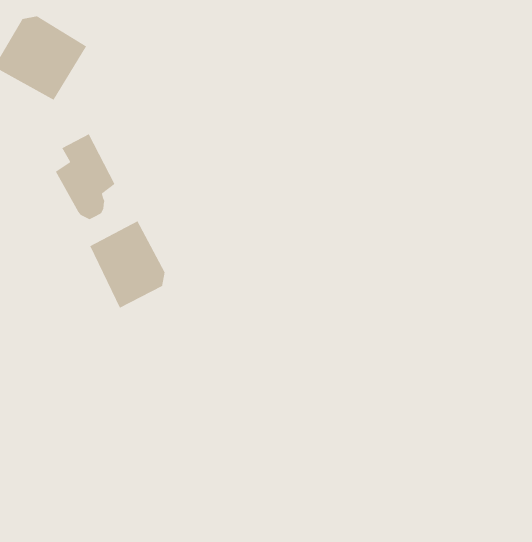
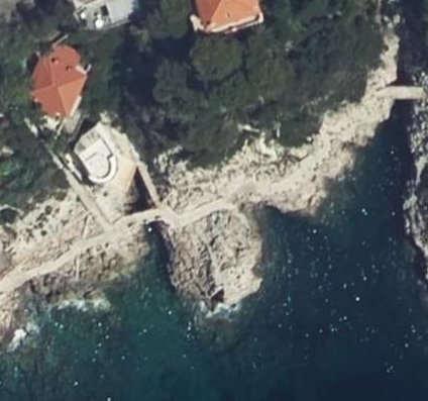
building: [89,220,166,309] -> none

